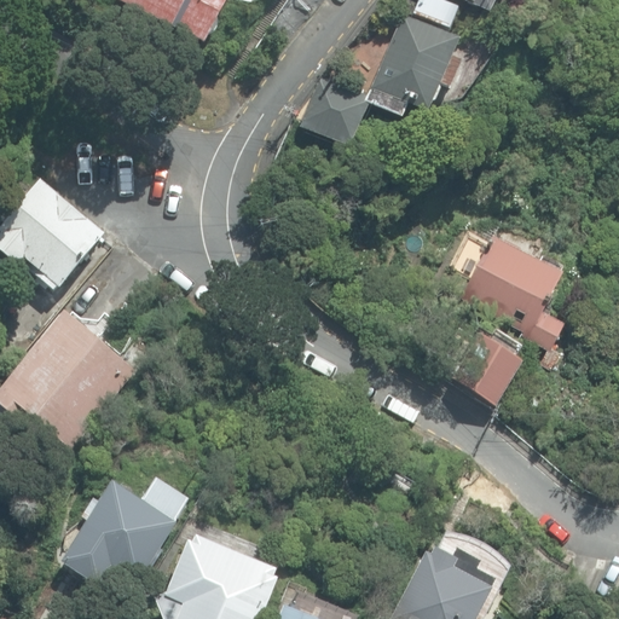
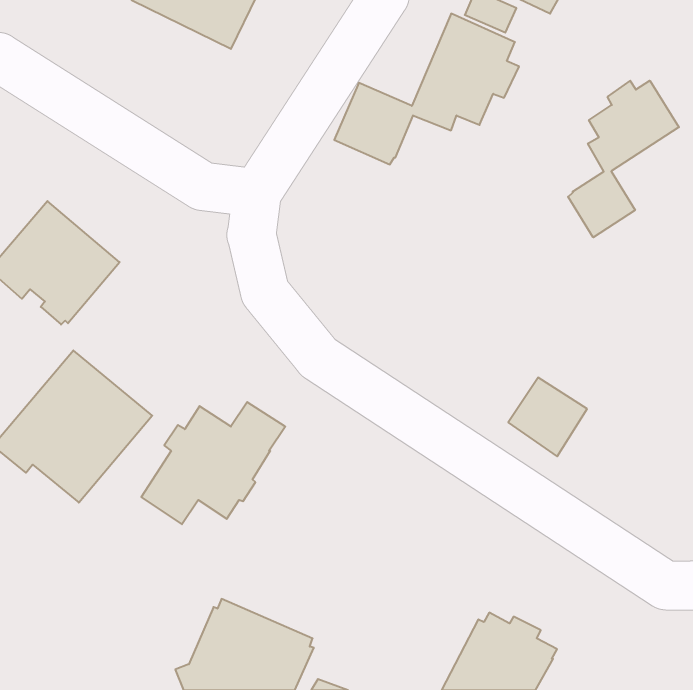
building: none -> [568,81,679,237]
building: [459,236,563,368] -> none
building: [60,476,189,585] -> [141,402,285,524]

